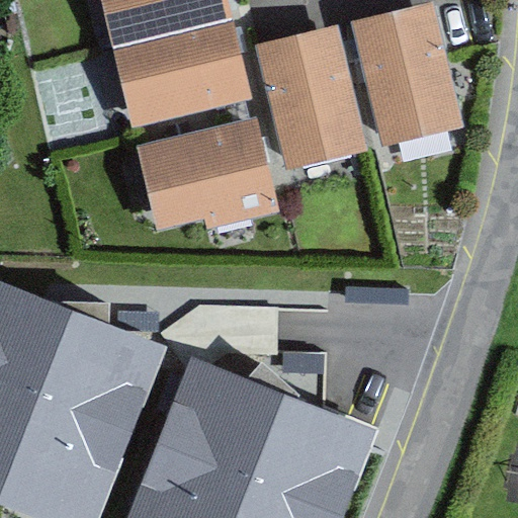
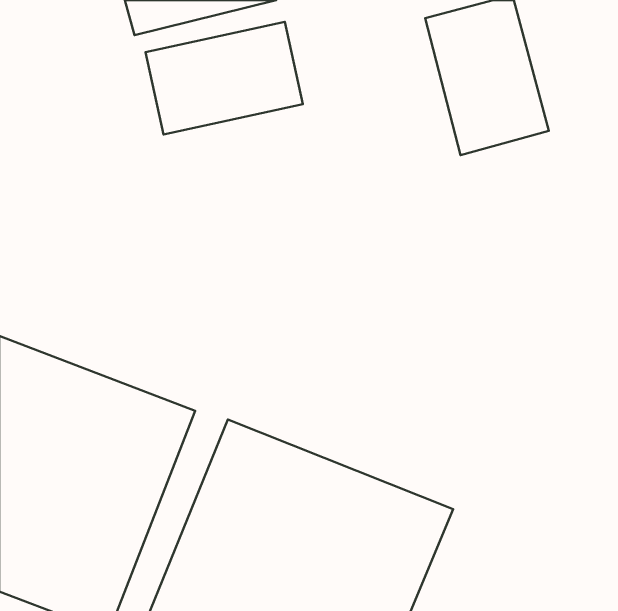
building: [260,26,365,167] -> none
building: [139,118,271,229] -> none

